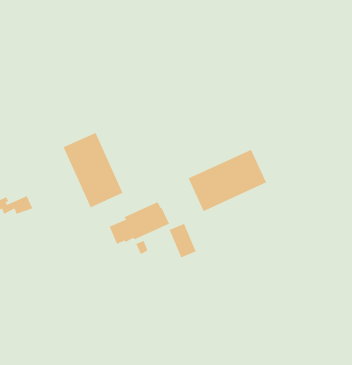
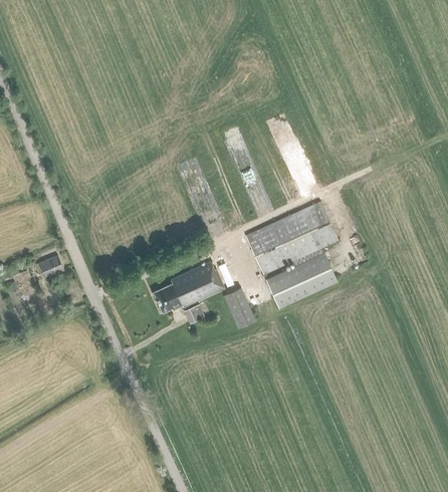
building: [63,132,123,208] -> none
building: none -> [265,252,338,308]

